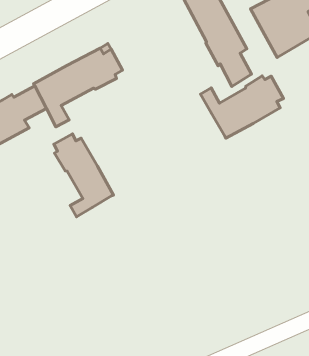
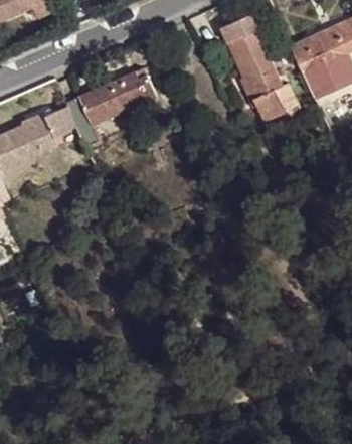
building: [201,76,283,138] -> none
building: [54,134,113,217] -> none

